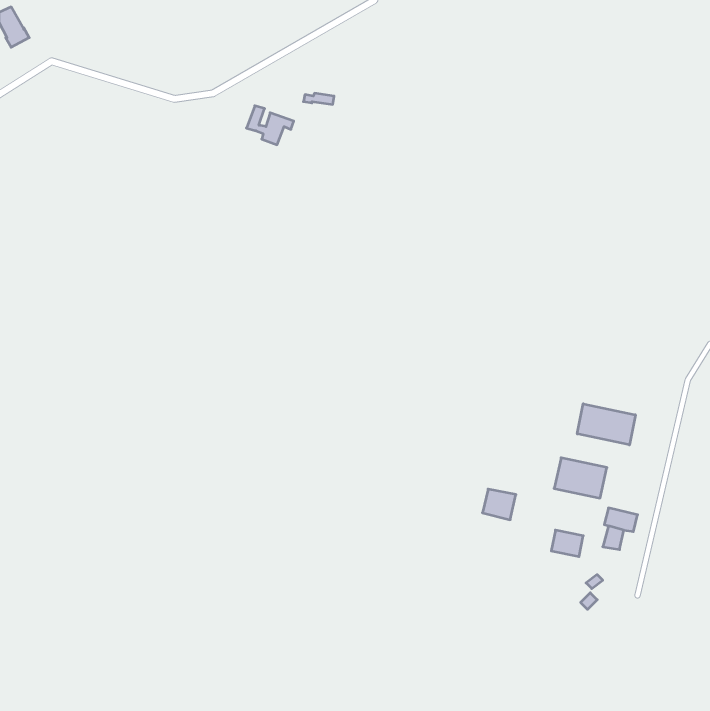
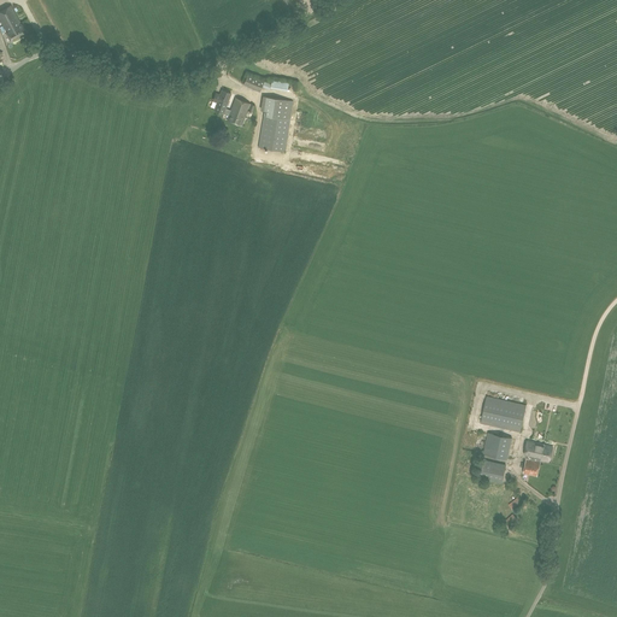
building: none -> [257,96,292,152]
building: [577,404,635,445] -> none
building: [482,489,516,520] -> [482,433,511,459]

